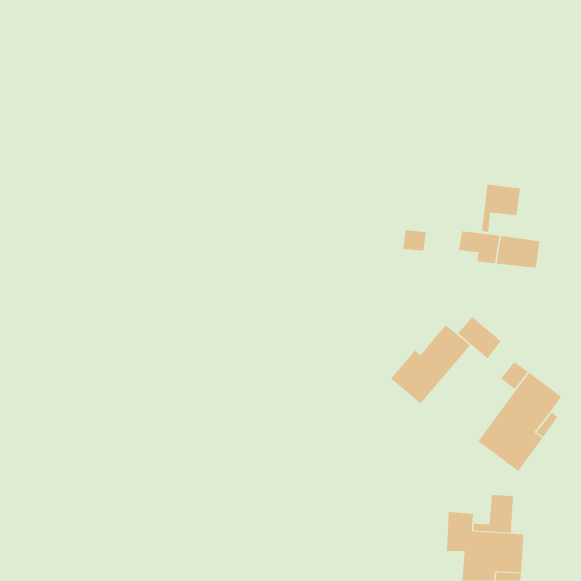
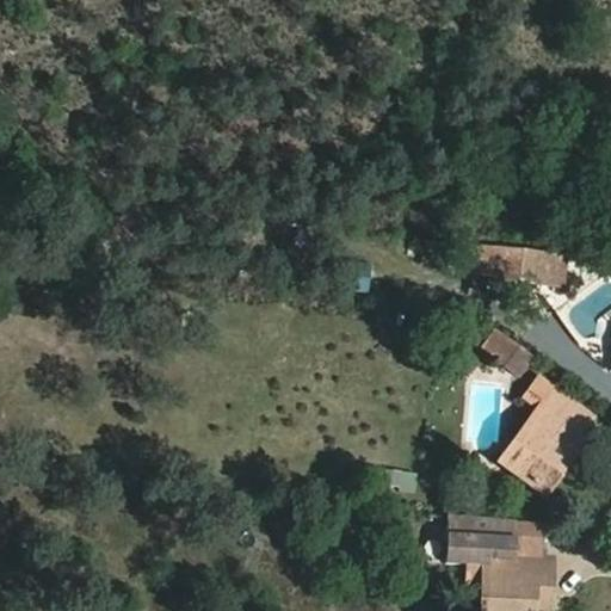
building: [482,184,520,233] -> none
building: [390,324,471,404] -> none
building: none -> [445,513,516,564]

